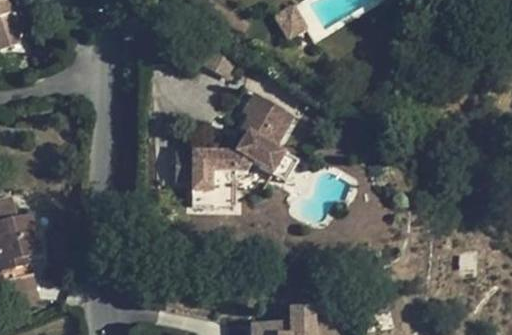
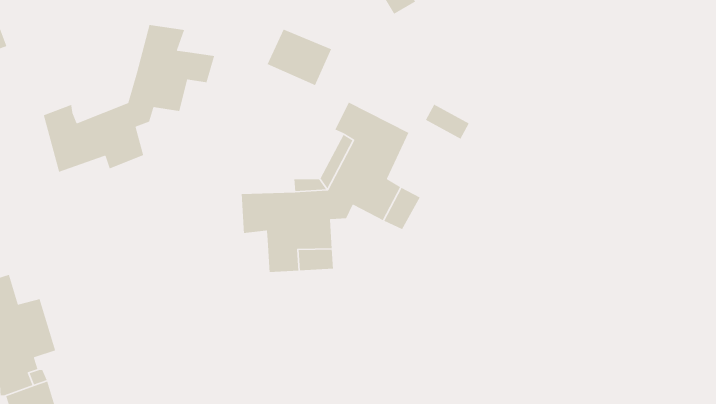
building: none -> [43,24,215,173]

